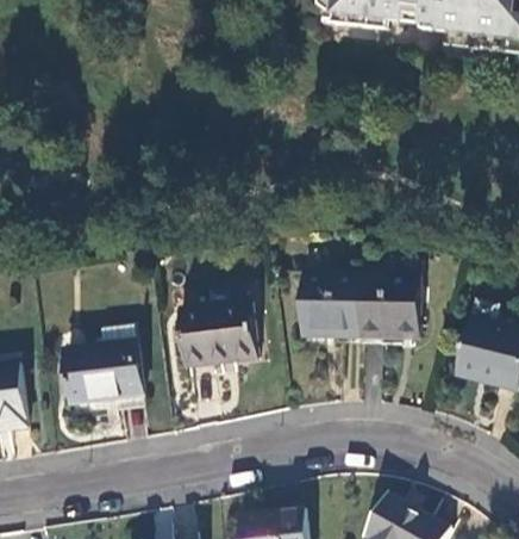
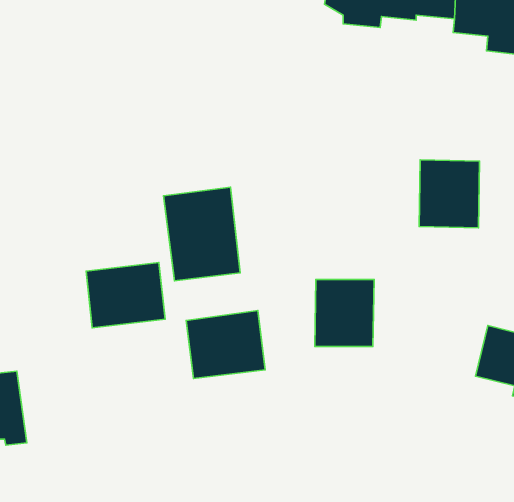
building: none -> [163,187,240,281]
building: [359,272,418,337] -> [419,160,480,228]
building: [65,342,142,405] -> [86,262,165,328]

